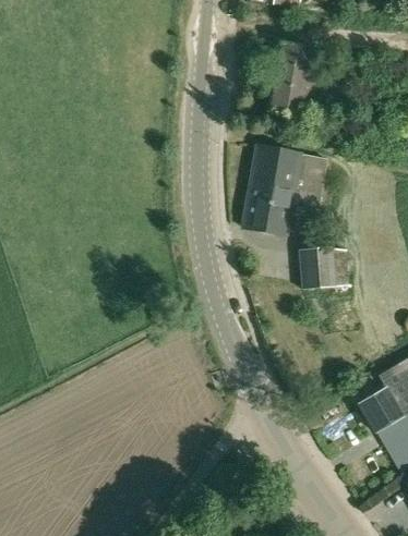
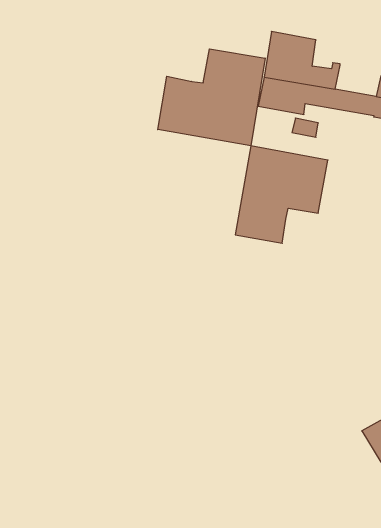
building: none -> [158,49,265,146]
building: [299,246,335,288] -> none

